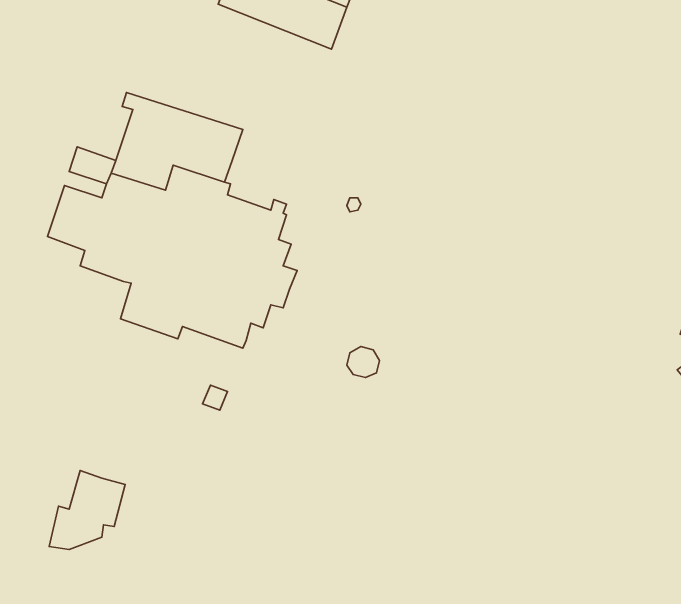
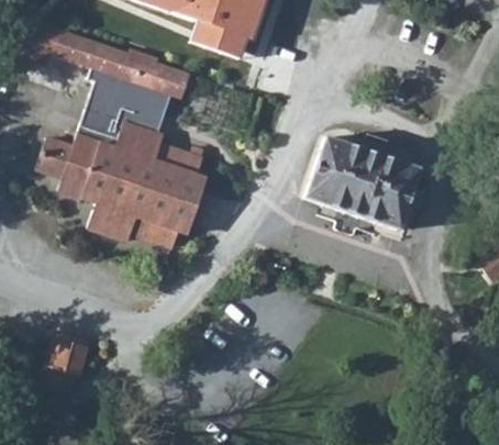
building: none -> [31,23,195,100]
building: none -> [304,134,421,232]

